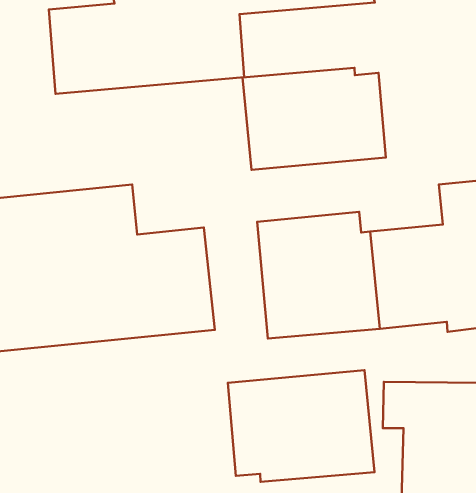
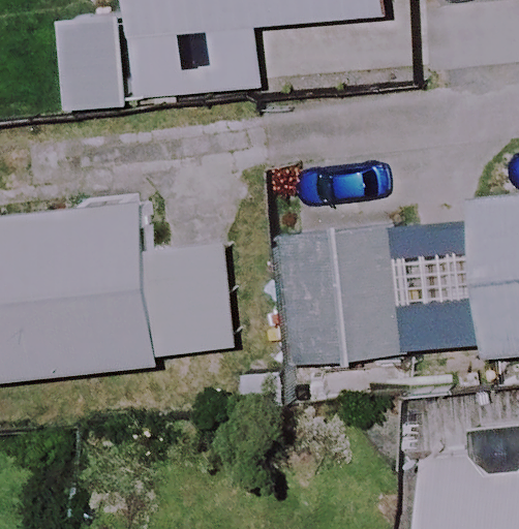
building: [243,68,386,170] -> none
building: [228,370,375,482] -> none

